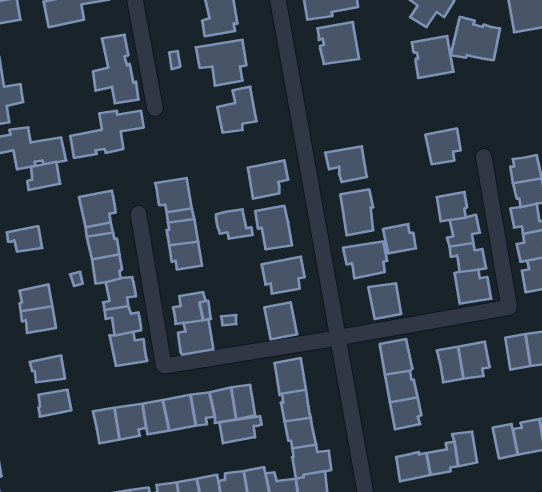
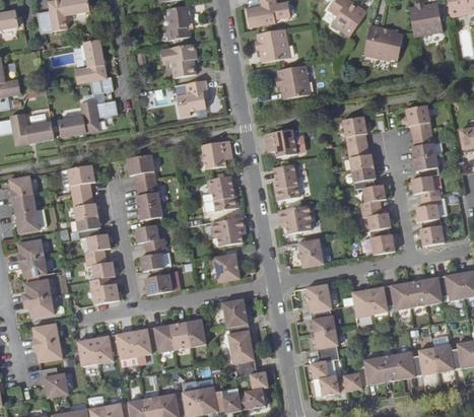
building: [412,36,454,78] -> [276,66,310,99]
building: none -> [400,105,430,132]
building: [27,162,60,190] -> [6,176,32,198]
building: [216,209,253,239] -> [135,225,164,249]
building: [383,224,416,253] -> [347,146,374,169]
building: none -> [10,210,40,234]
building: none -> [24,279,51,301]
building: none -> [390,282,410,310]
building: none -> [33,340,62,362]
building: [220,416,262,443] -> none
building: none -> [311,351,338,378]
building: none -> [380,354,401,381]
building: none -> [38,366,68,398]

